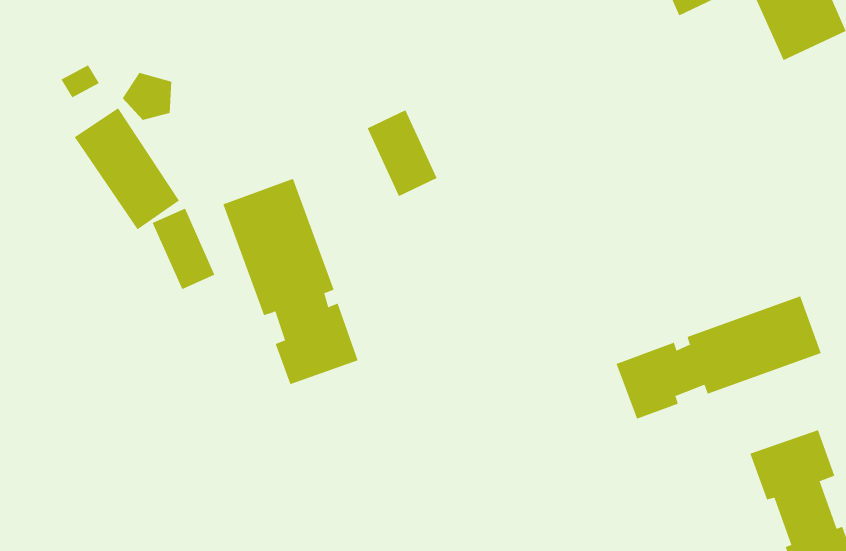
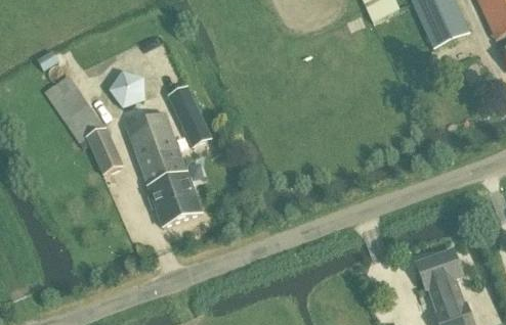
building: [122,72,172,121] -> [117,74,144,100]
building: [367,109,438,197] -> [167,84,206,132]
building: [616,296,821,419] -> none

